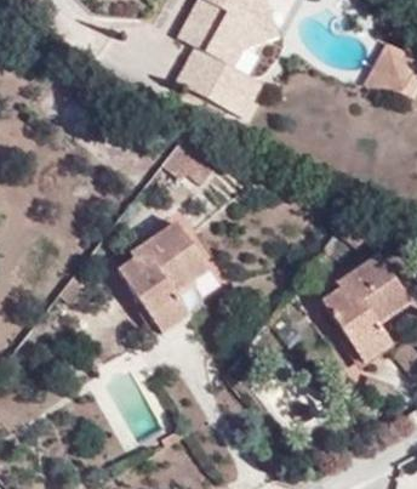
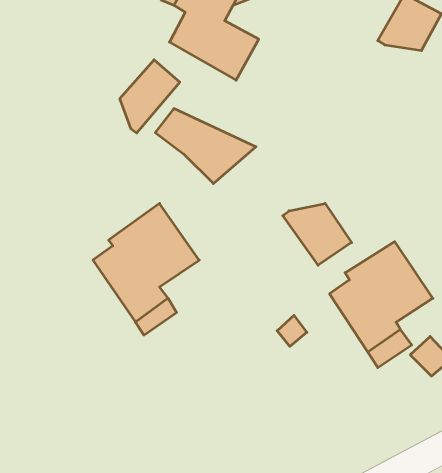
building: none -> [120,60,180,133]
building: none -> [283,203,352,265]

